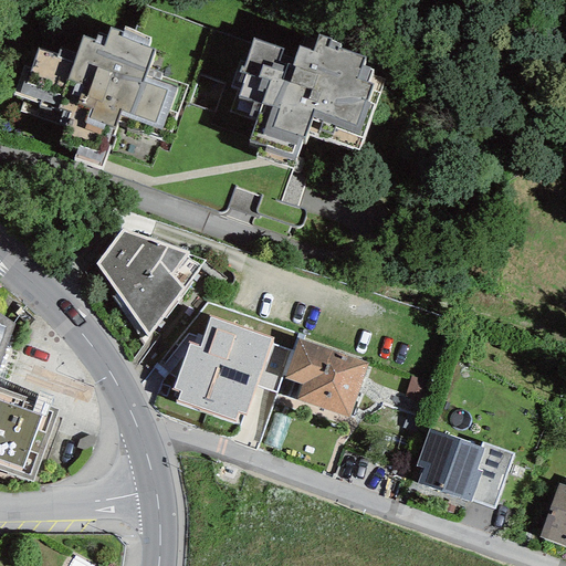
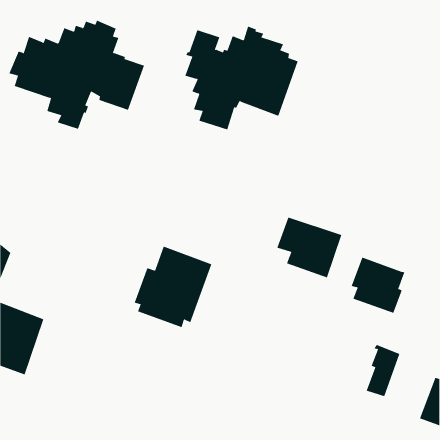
building: [94,229,205,337] -> none
building: [283,338,367,417] -> [277,217,342,278]
building: [413,428,483,501] -> [351,257,405,314]

